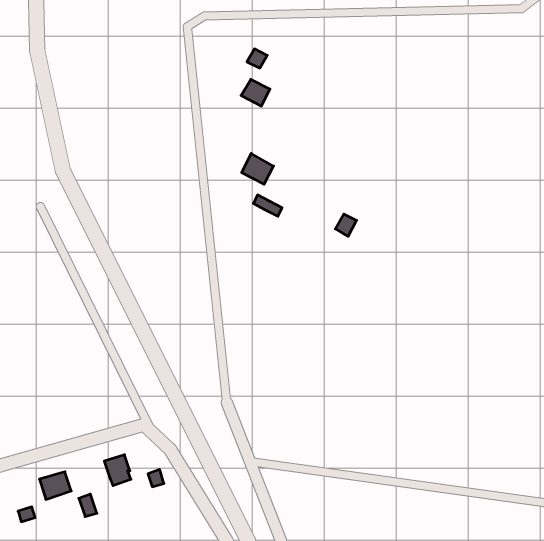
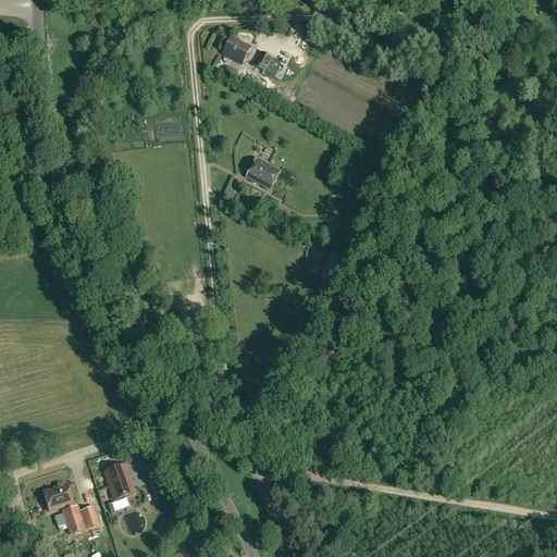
building: [241,79,270,106] -> [222,35,251,62]
building: none -> [62,504,87,533]

